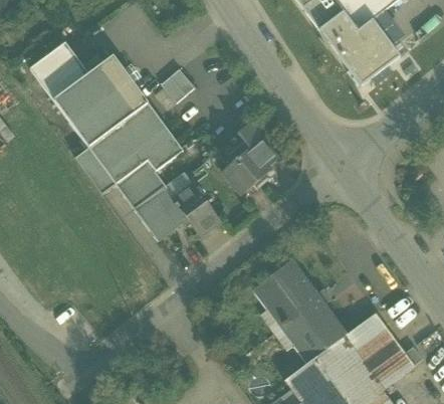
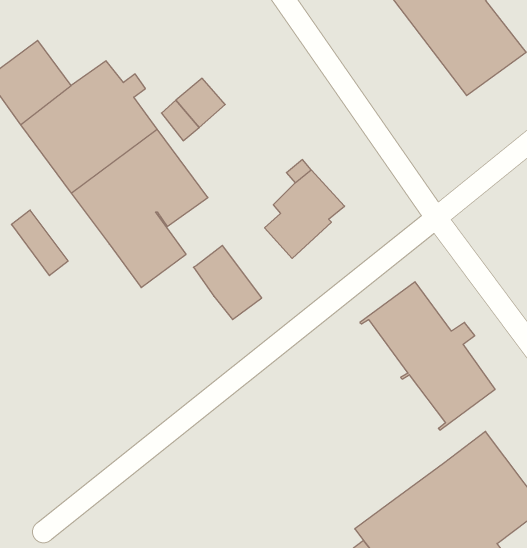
building: [76,149,116,194] -> [11,210,68,276]
building: [138,191,188,242] -> none
building: [253,261,347,364] -> [360,282,495,430]

